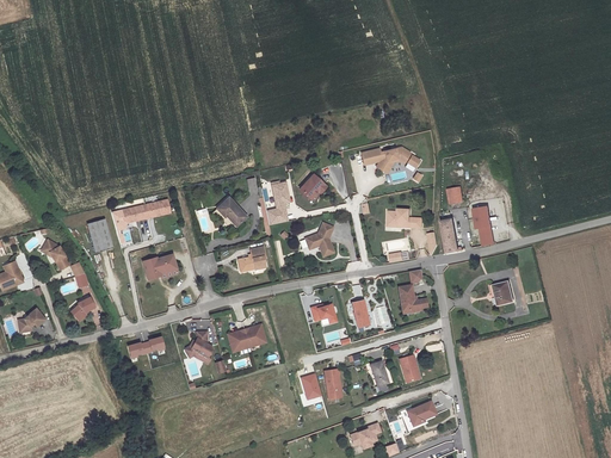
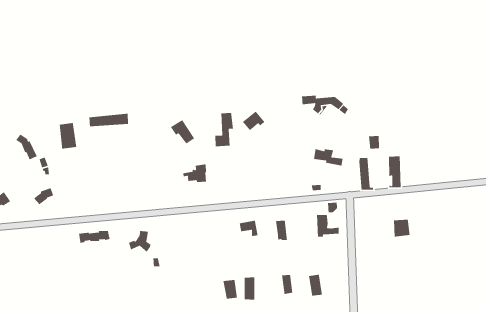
building: [304,222,335,256] -> none
building: [142,255,178,279] -> none
building: [228,324,266,352] -> none

